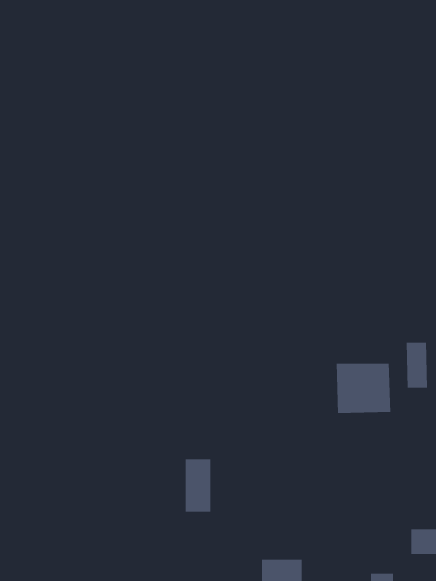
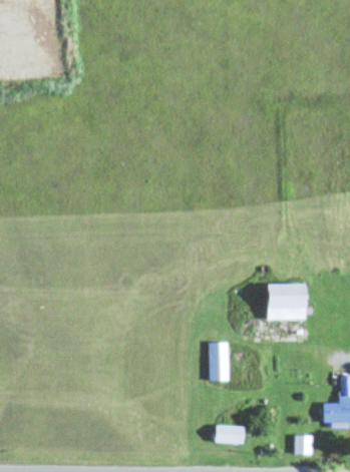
building: [406,342,428,389] -> none
building: [185,458,211,512] -> [209,342,228,381]

